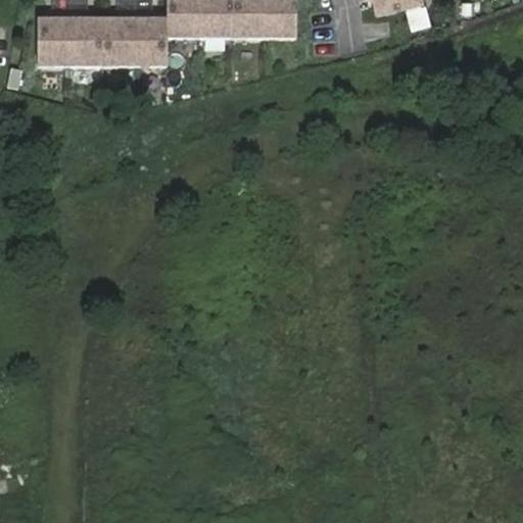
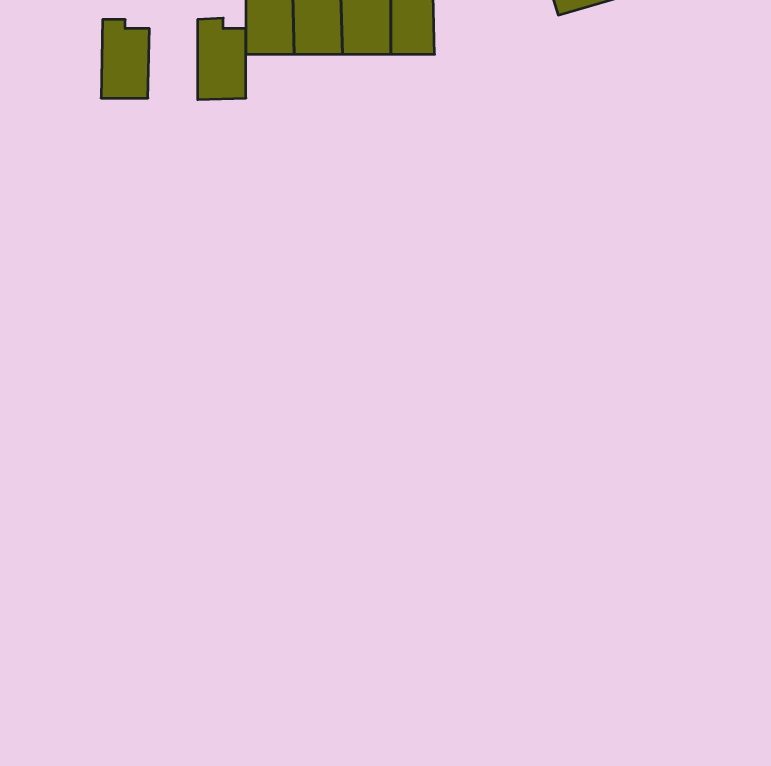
building: [100,12,134,67] -> none
building: [39,13,69,66] -> none

